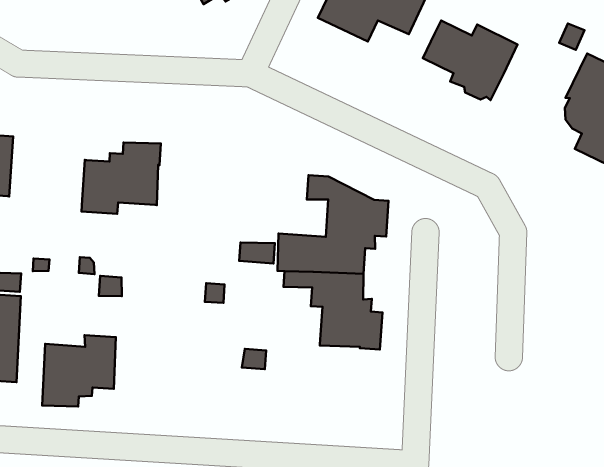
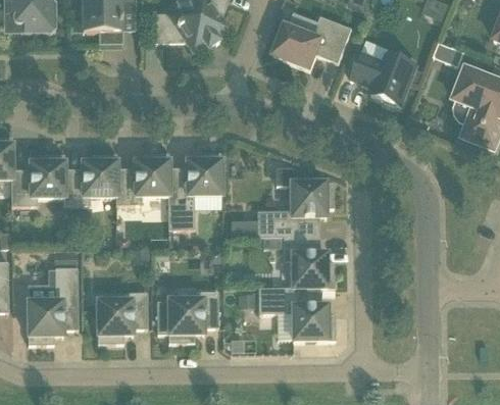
building: none -> [62,153,116,205]
building: none -> [167,152,220,230]
building: none -> [156,291,217,343]
building: none -> [257,287,335,341]

